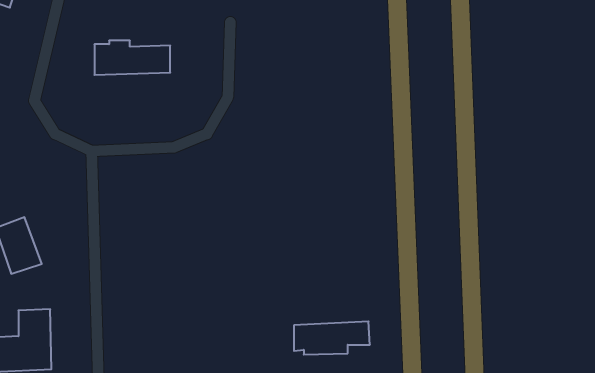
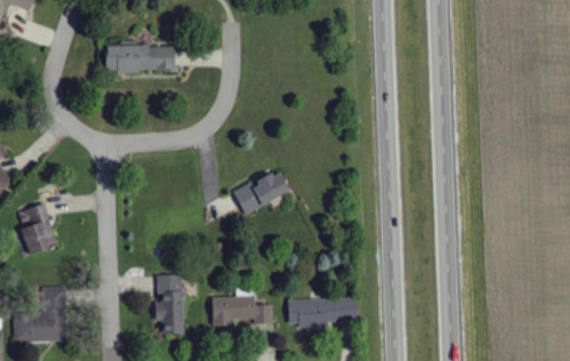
building: none -> [234,169,291,213]
building: none -> [156,274,184,334]
building: none -> [212,296,273,326]

